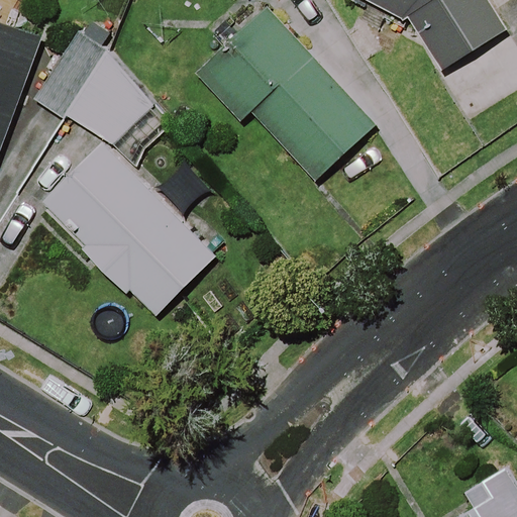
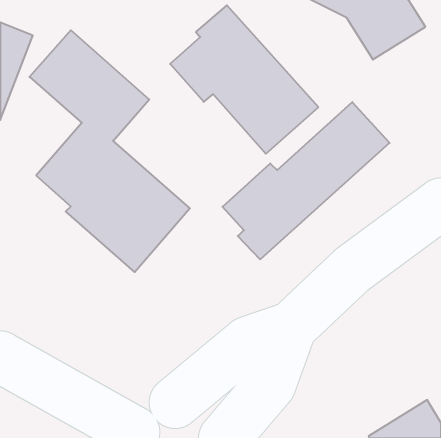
building: none -> [222,102,390,259]

